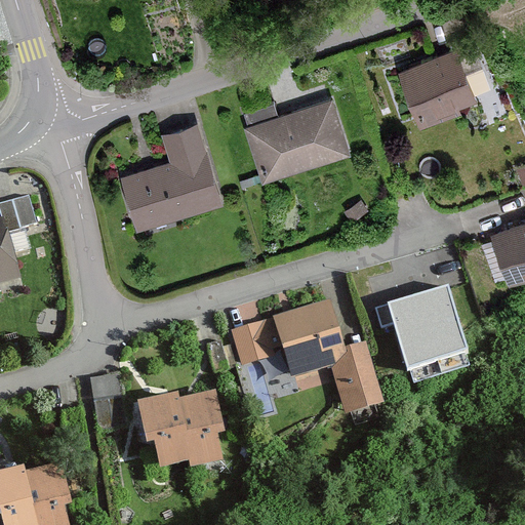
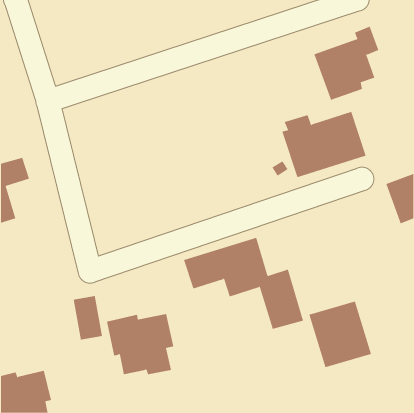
building: [242,98,350,183] -> [281,111,367,178]
building: [120,123,220,230] -> none
building: [389,284,469,369] -> [309,301,372,368]

